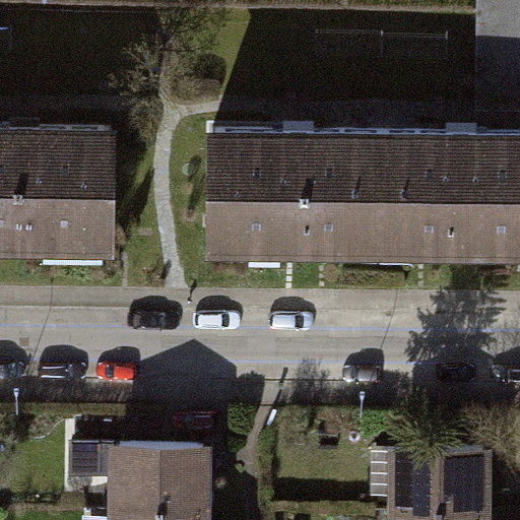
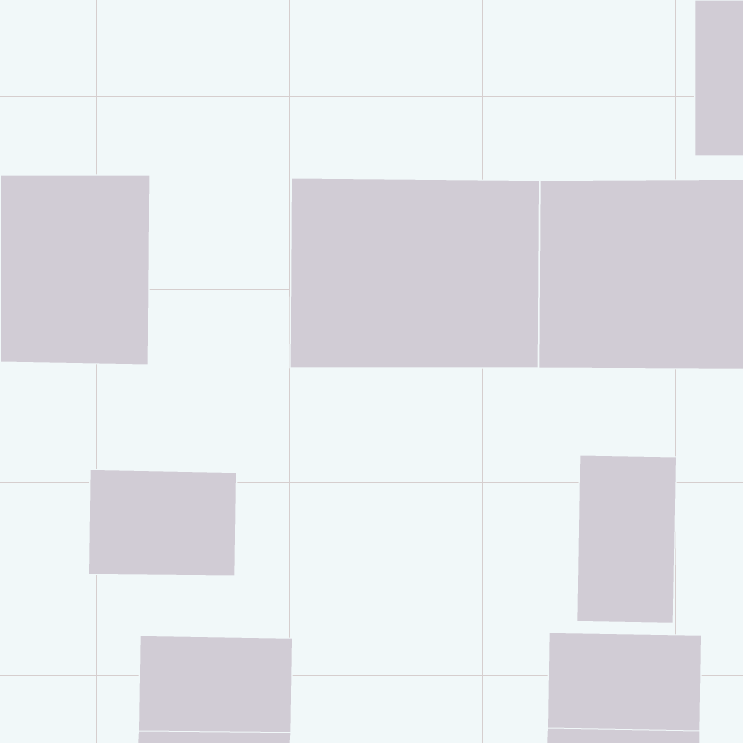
building: none -> [577,455,677,624]
building: none -> [89,469,237,576]

